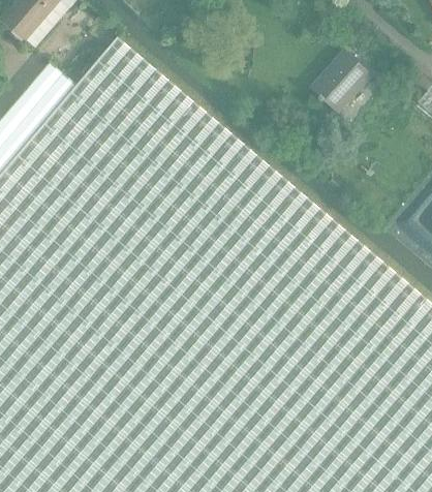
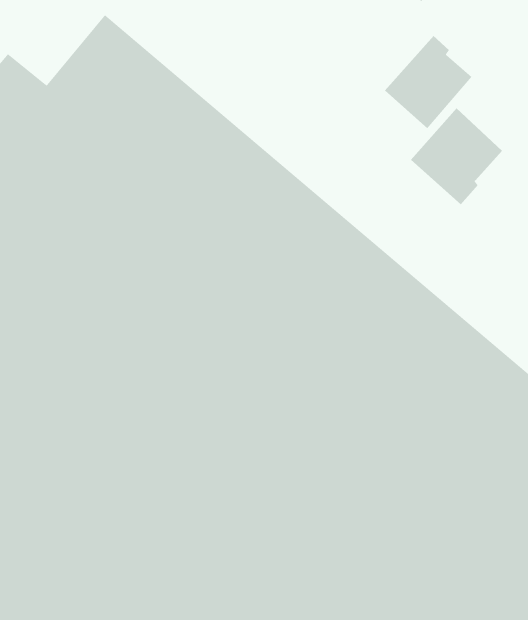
building: none -> [410,107,503,205]

